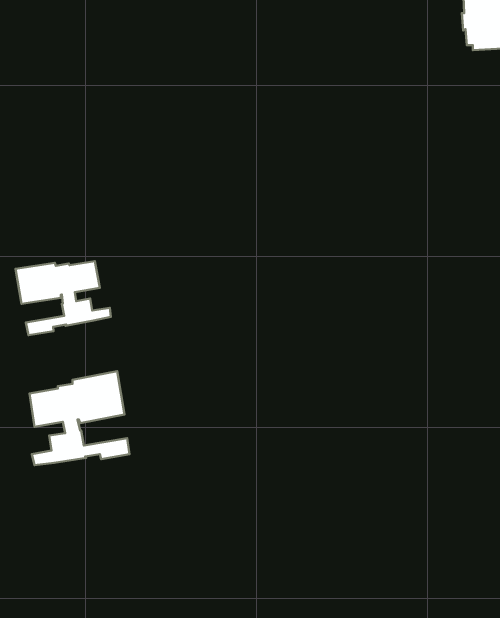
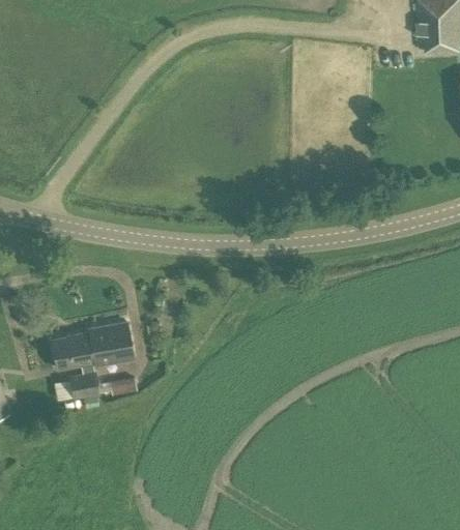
building: [15,261,111,335] -> none

